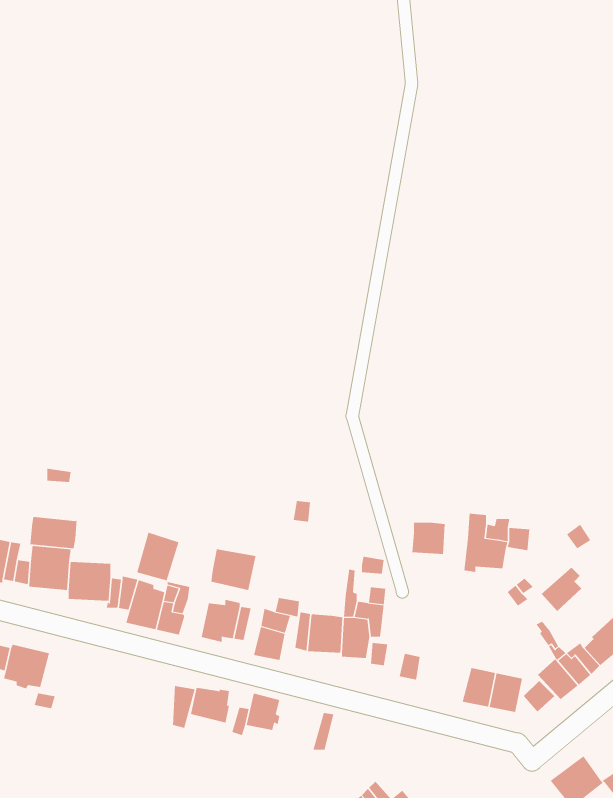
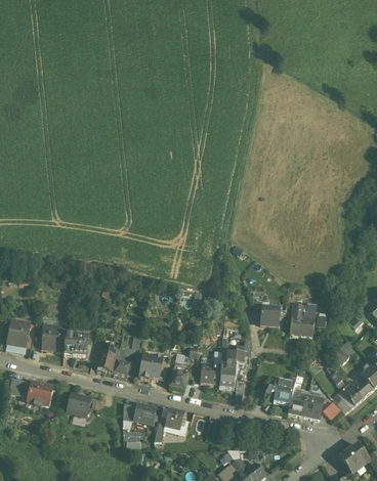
building: [30,516,77,549] -> none
building: [137,532,179,581] -> none
building: [211,549,256,591] -> none
building: none -> [273,379,295,405]
building: none -> [67,392,91,417]

